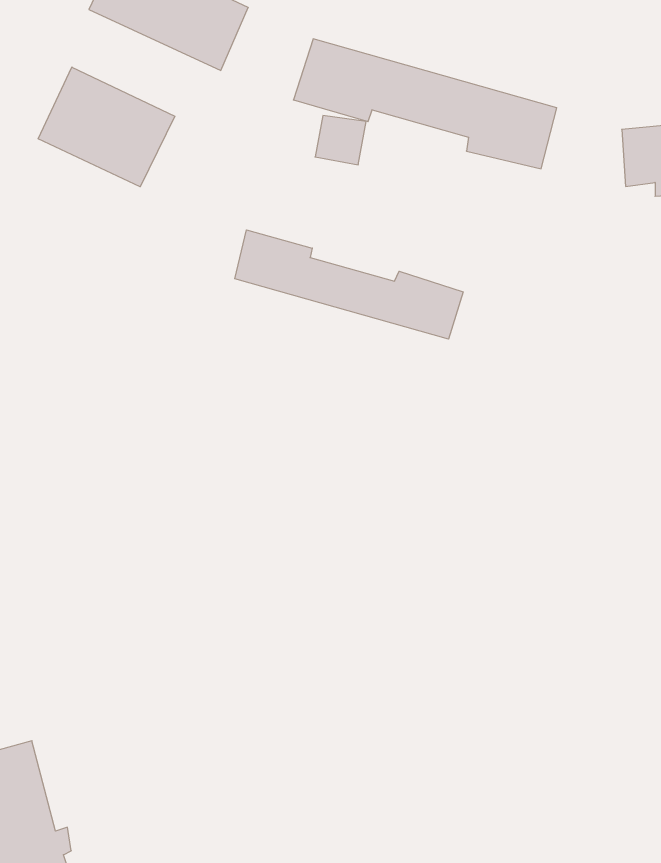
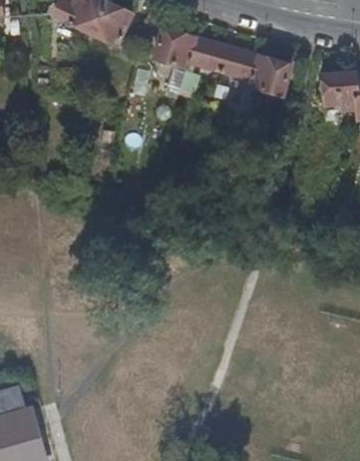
building: [38,67,175,187] -> none
building: [235,230,463,339] -> none

